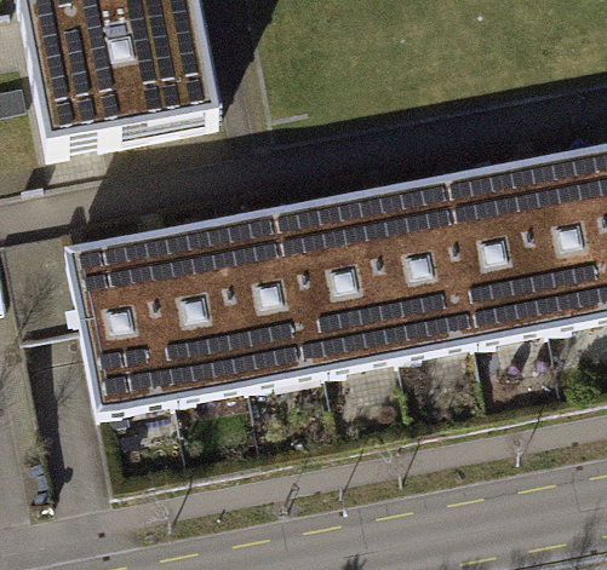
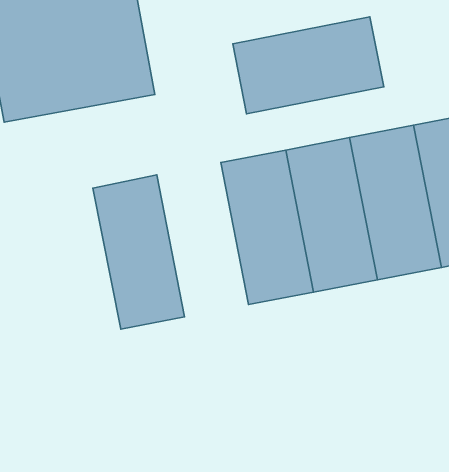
building: none -> [233,17,384,114]
building: [218,205,326,386] -> none
building: [68,235,176,415] -> none

